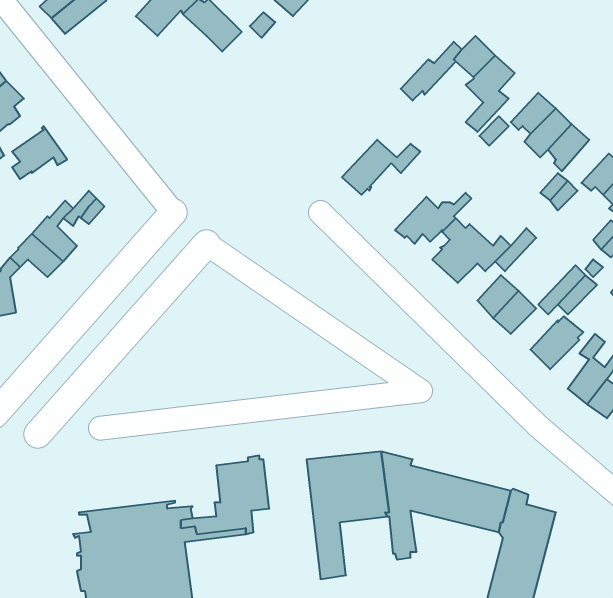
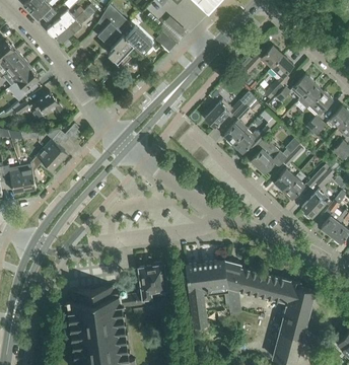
building: none -> [108,34,134,68]
building: none -> [223,102,250,146]

